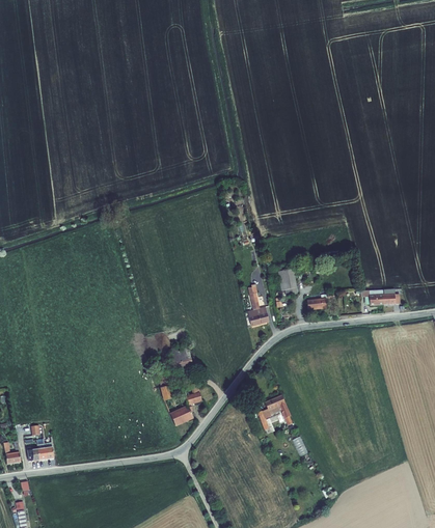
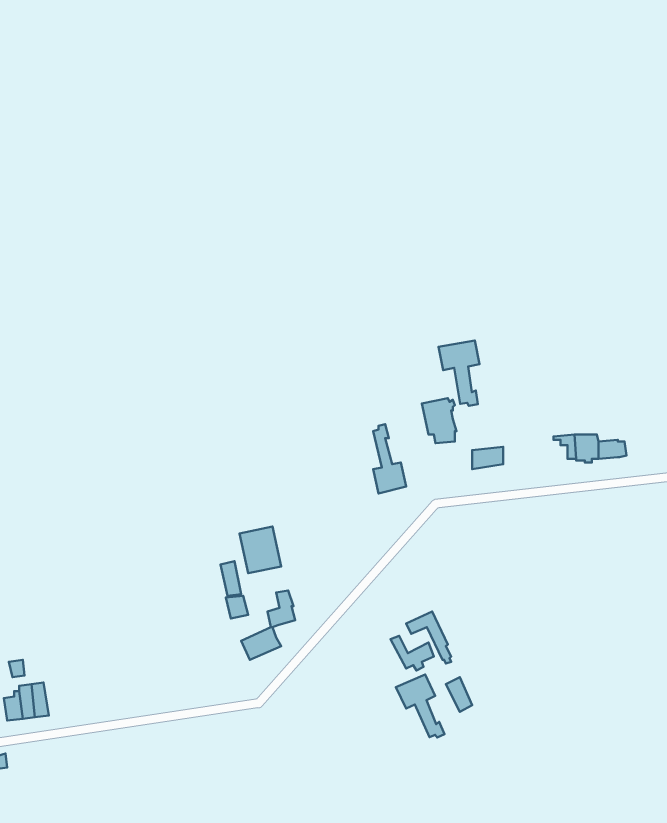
building: none -> [438,340,479,406]
building: none -> [396,675,444,738]

